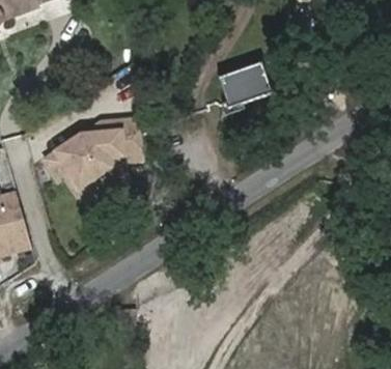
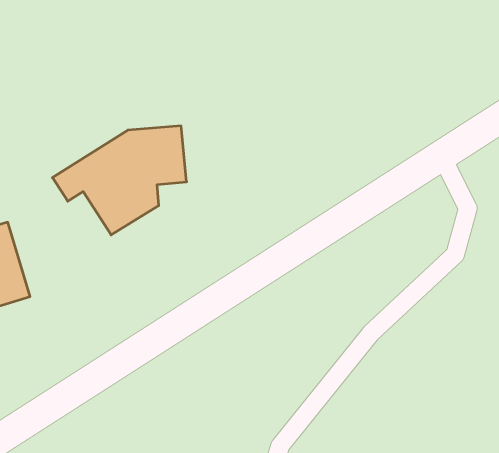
building: [217,60,272,106] -> none

